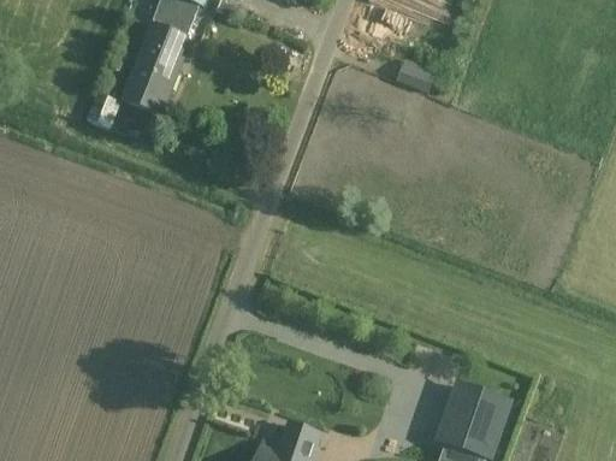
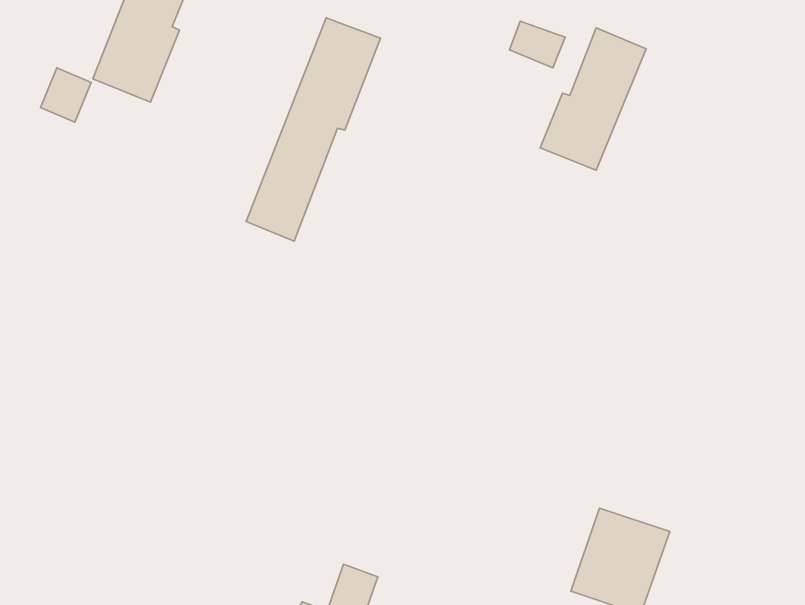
building: none -> [246,18,380,241]
building: none -> [540,28,646,170]

